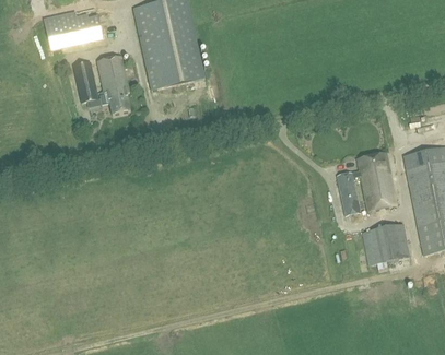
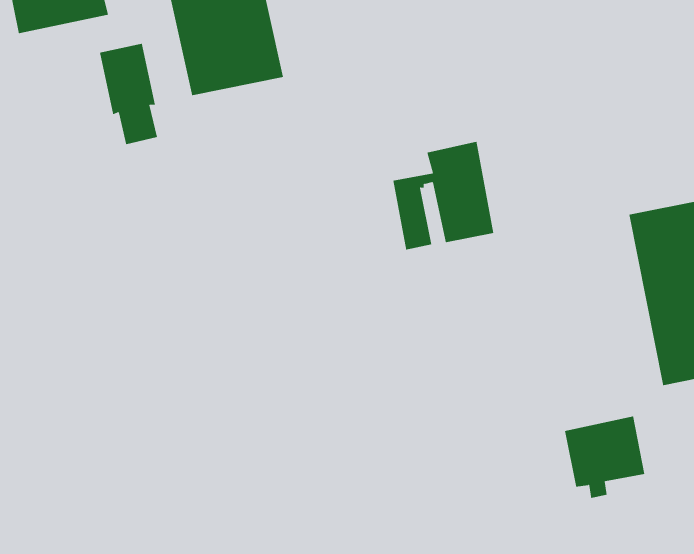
building: [73,61,98,100] -> none
building: [337,151,396,214] -> [392,141,494,250]
building: [362,222,409,270] -> [564,416,645,499]

